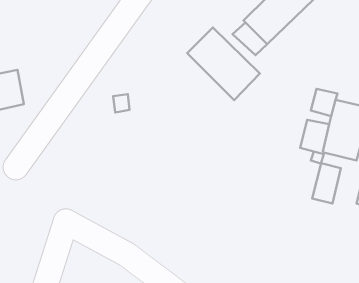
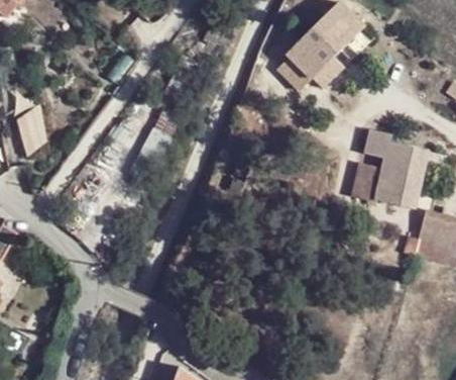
building: [187,27,260,100] -> none
building: [312,163,341,204] -> none

